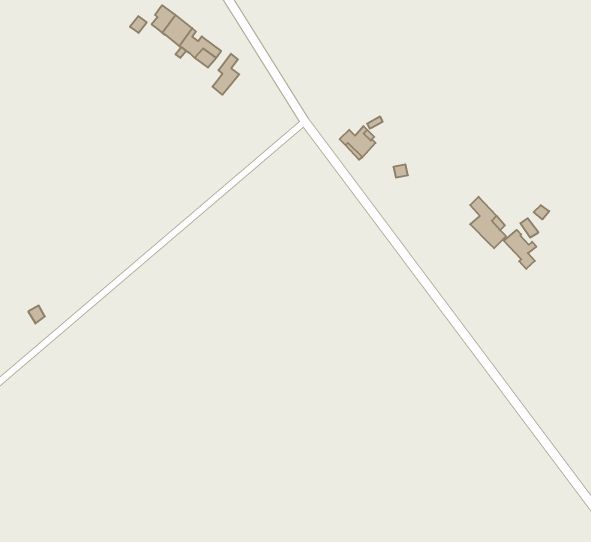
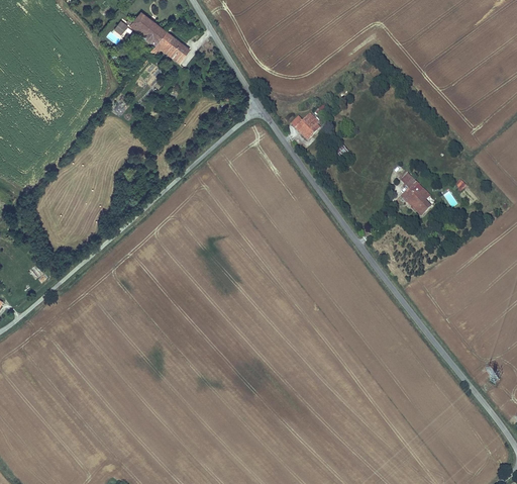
building: [212,54,239,95] -> none
building: [504,230,536,269] -> none

